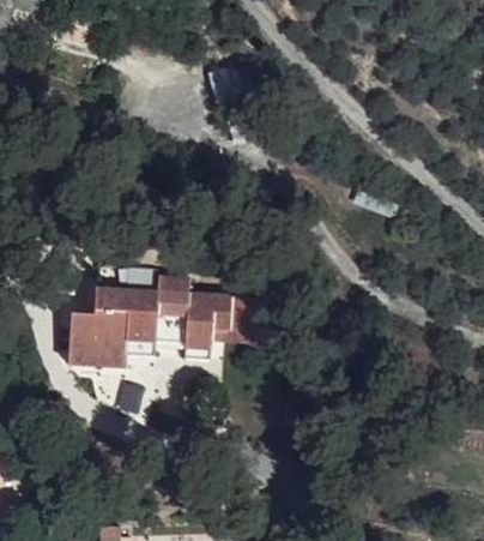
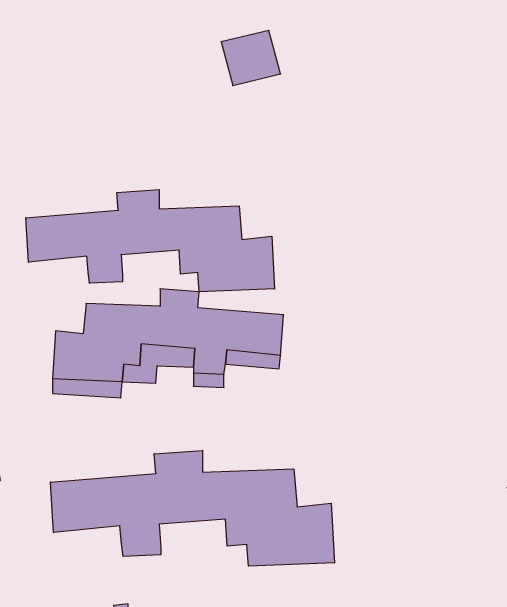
building: none -> [26,190,275,292]
building: none -> [50,450,334,566]

